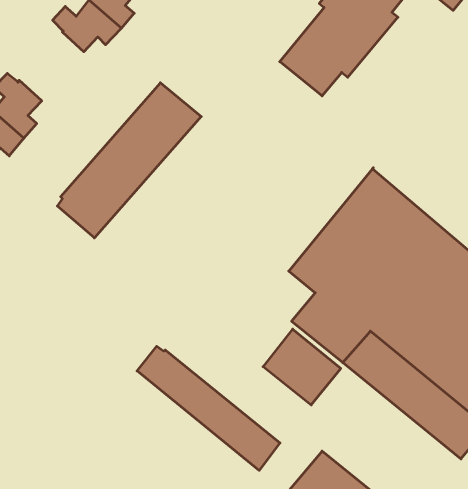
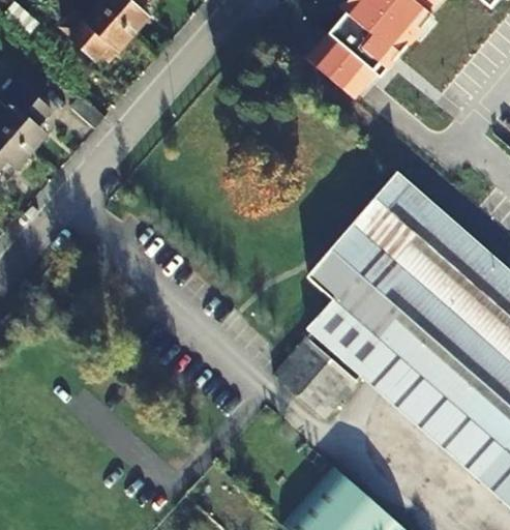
building: [57,83,201,238] -> none
building: [137,346,280,470] -> none

